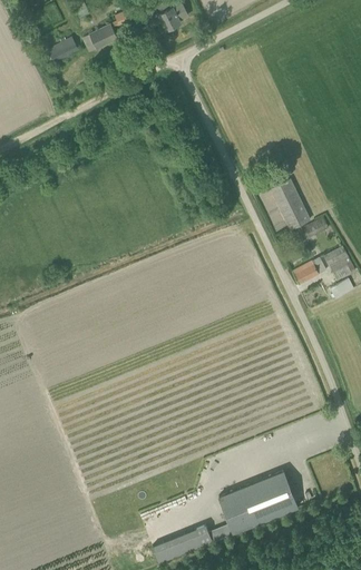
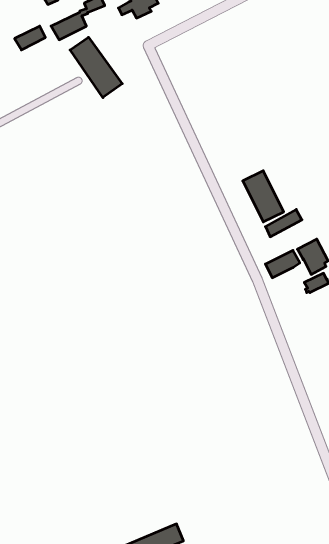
building: none -> [70,37,122,98]
building: [218,471,297,533] -> none

